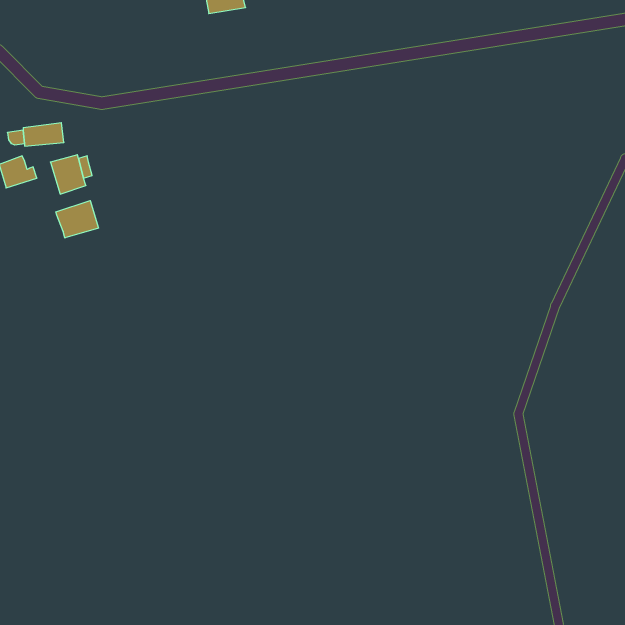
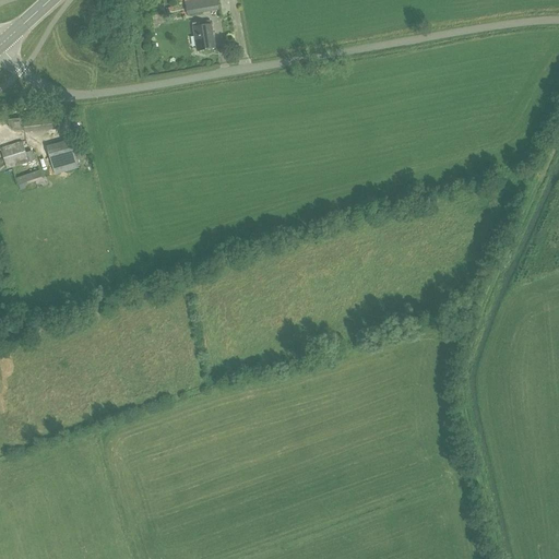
building: none -> [191,22,213,49]
building: [56,201,99,238] -> none

